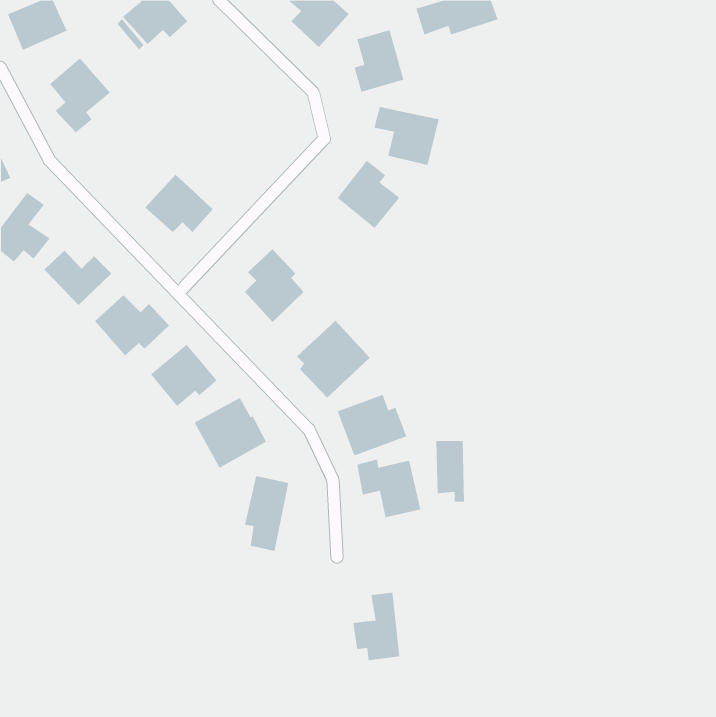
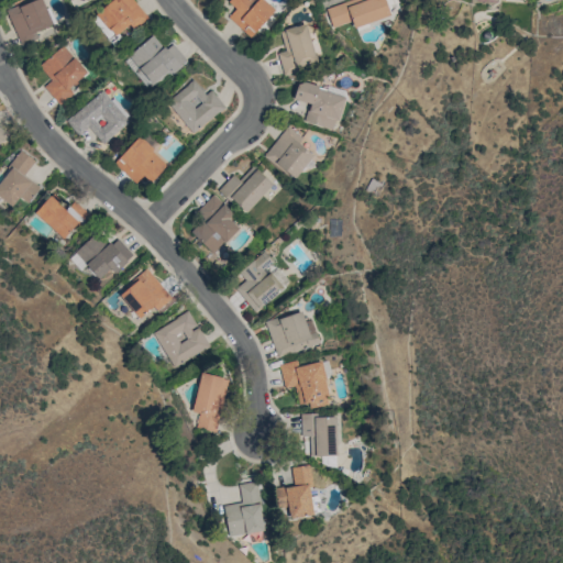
building: none -> [125,34,188,87]
building: none -> [167,79,225,134]
building: none -> [67,88,132,144]
building: none -> [220,165,274,213]
building: [435,440,465,502] -> [314,417,338,465]
building: none -> [224,481,265,537]

